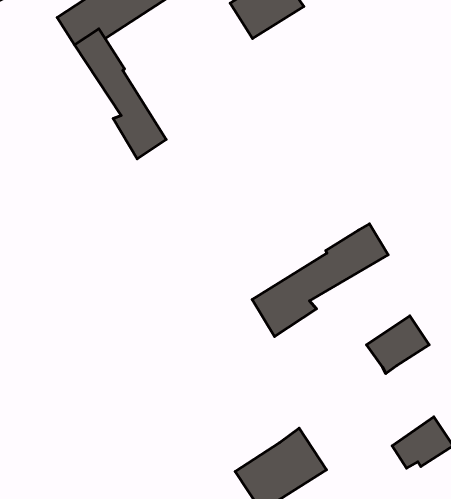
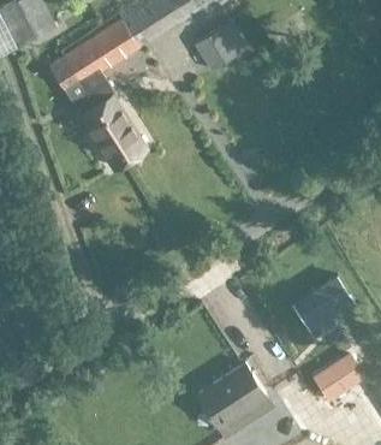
building: none -> [48,57,125,170]
building: [252,224,388,336] -> none

